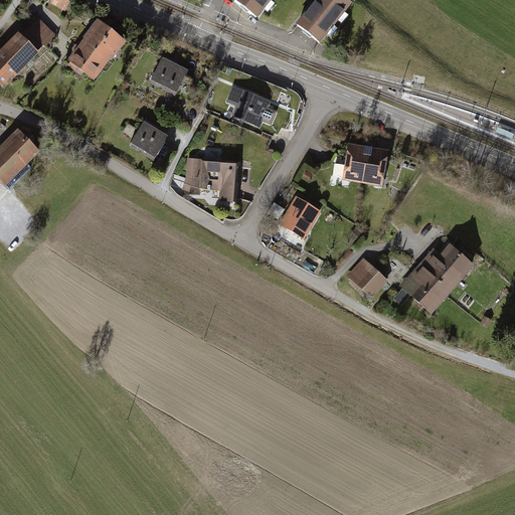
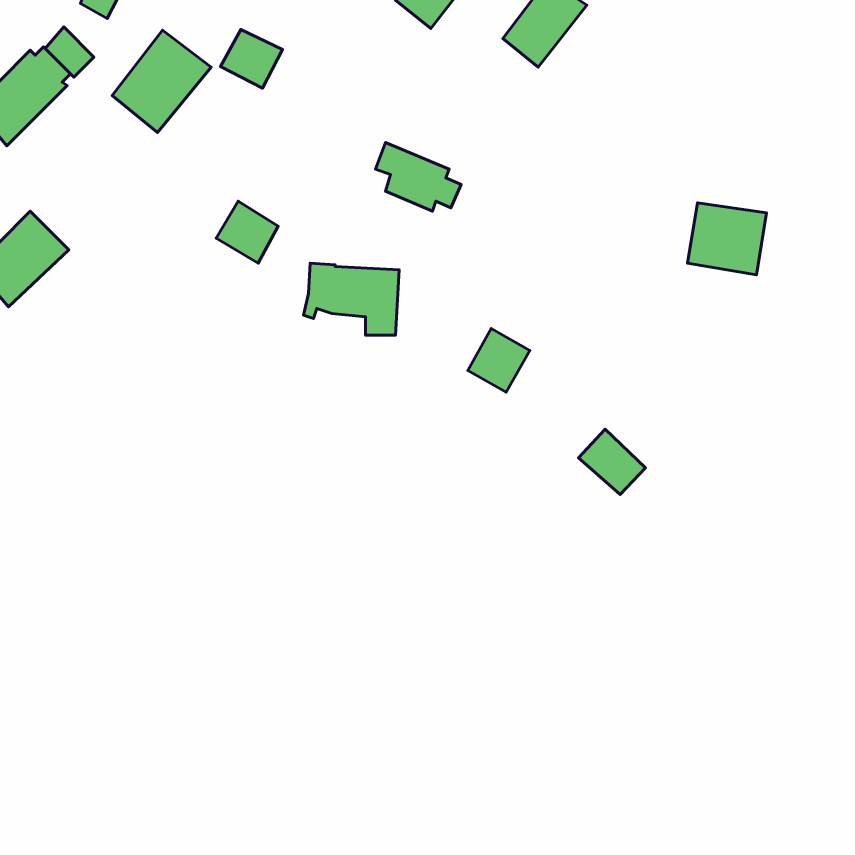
building: [150,57,187,93] -> [221,30,283,88]
building: [341,143,388,186] -> [688,203,766,275]
building: [399,242,474,313] -> none

